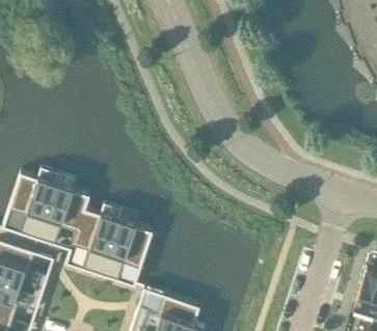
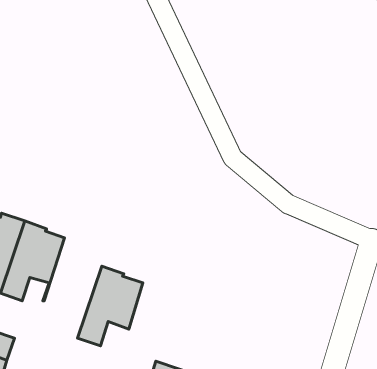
building: [73,195,119,276] -> none

